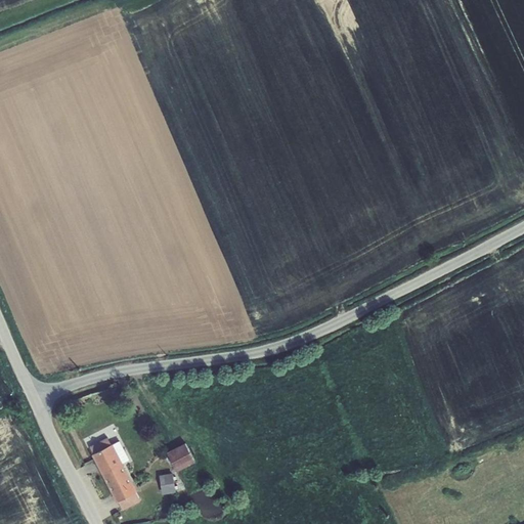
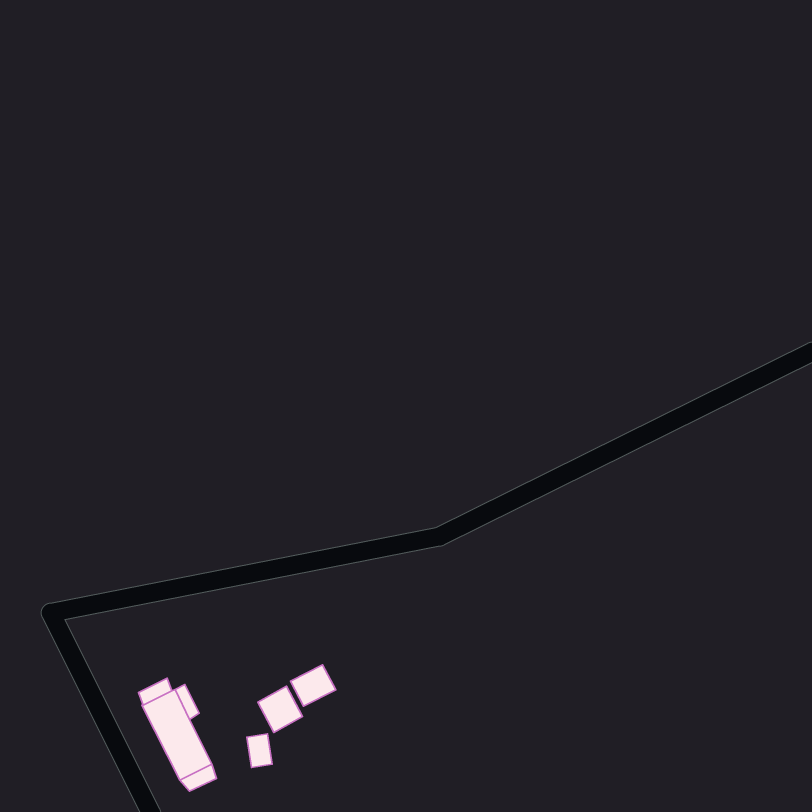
building: none -> [290,665,336,706]

